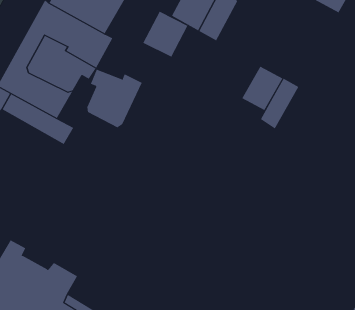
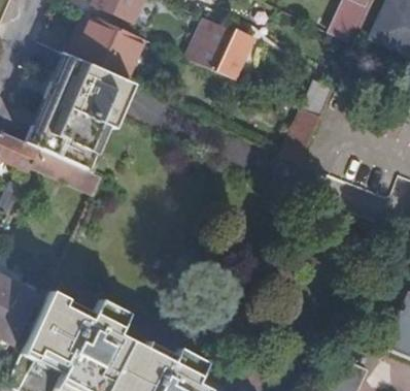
building: [142,11,188,58] -> none
building: [241,66,283,111] -> none
building: [87,69,143,128] -> none

